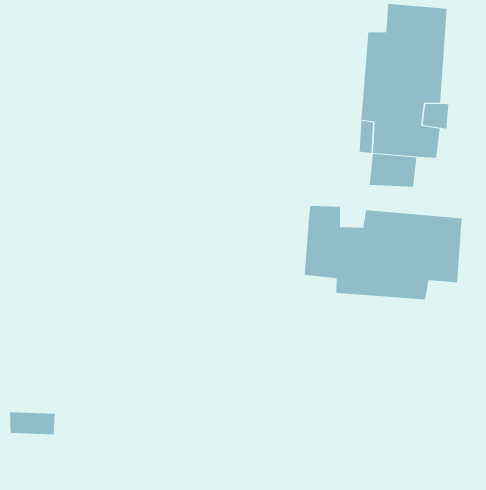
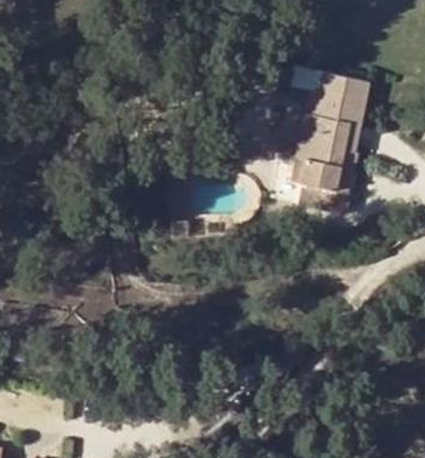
building: [304,205,462,300] -> none

